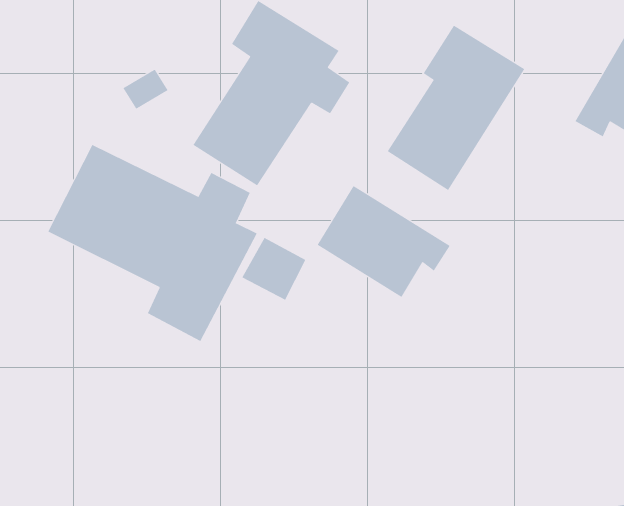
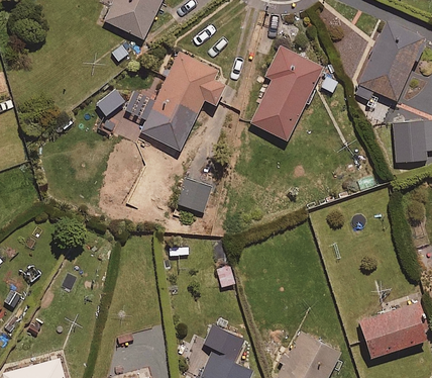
building: [48,144,258,342] -> none
building: [317,185,451,298] -> none

